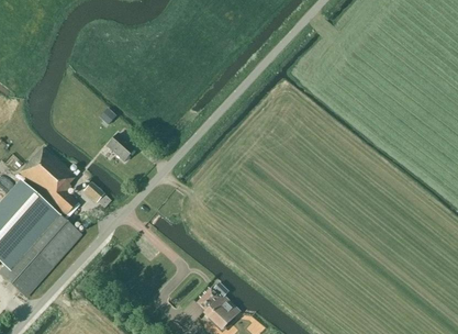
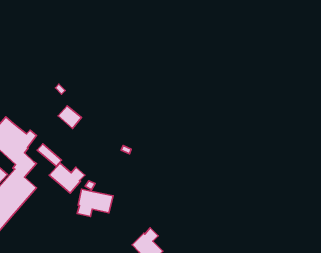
building: none -> [49,163,85,193]
building: none -> [77,189,113,217]

